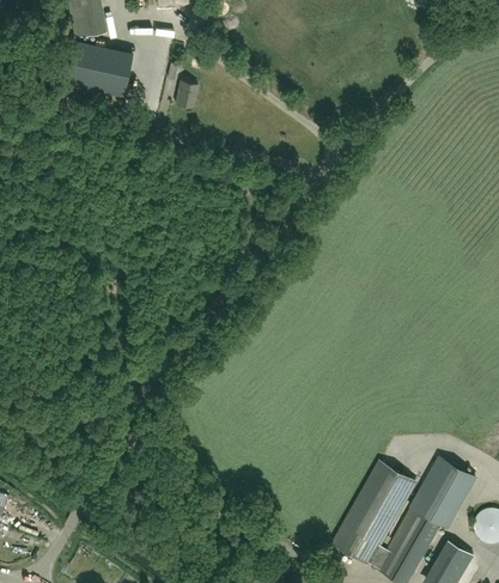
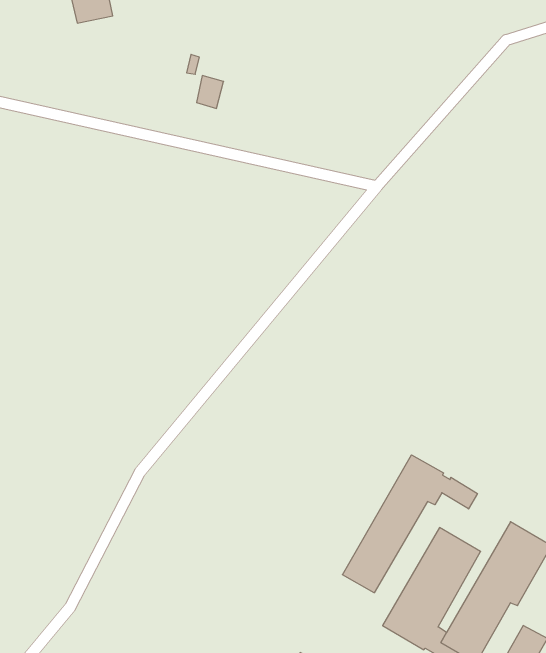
building: [65,41,132,95] -> none
building: none -> [342,455,477,593]

